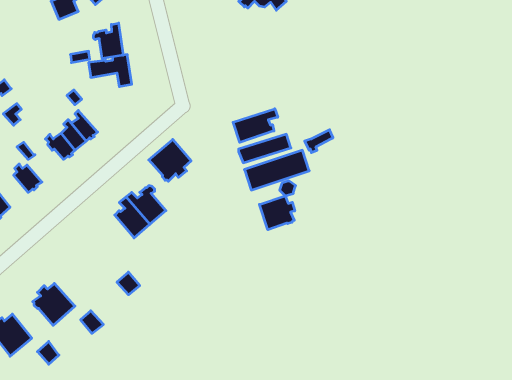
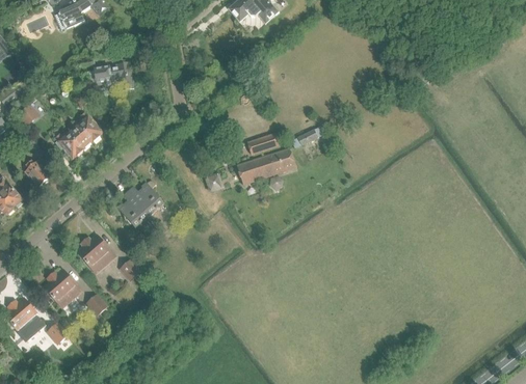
building: [93,23,123,59] -> none
building: [233,109,278,142] -> none
building: [149,139,191,181] -> none
building: [259,196,295,230] -> none
building: none -> [77,235,114,272]

